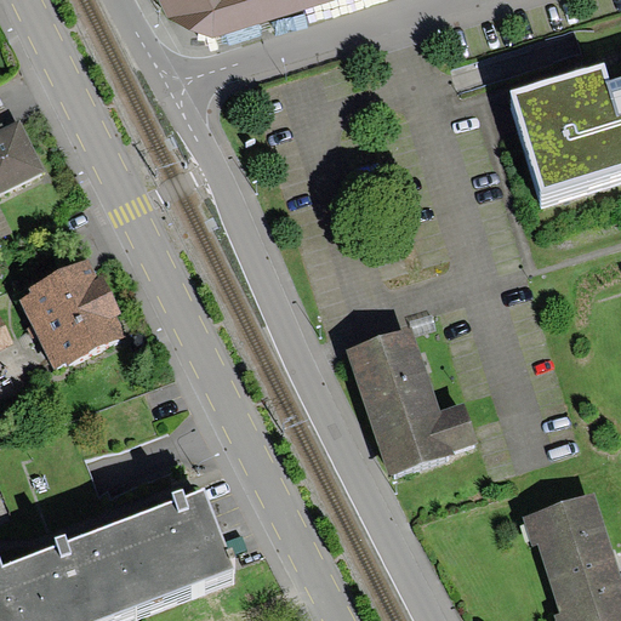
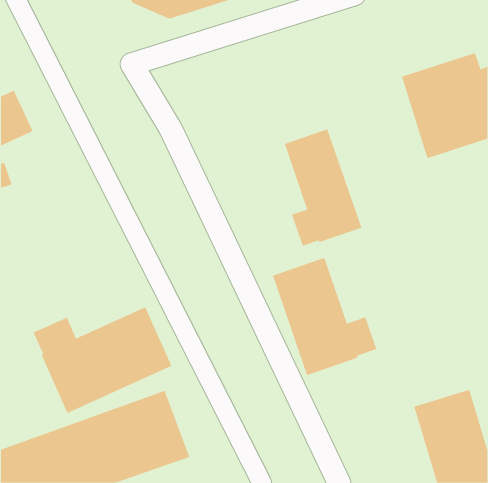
building: none -> [284,128,362,247]
building: [10,260,114,366] -> none
building: none -> [33,307,172,414]

